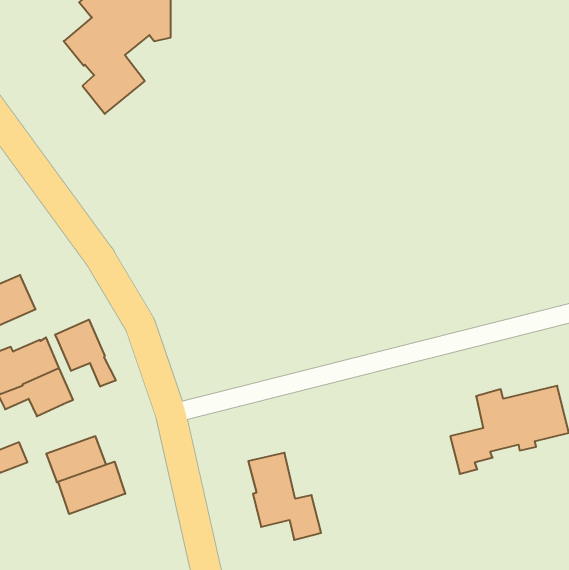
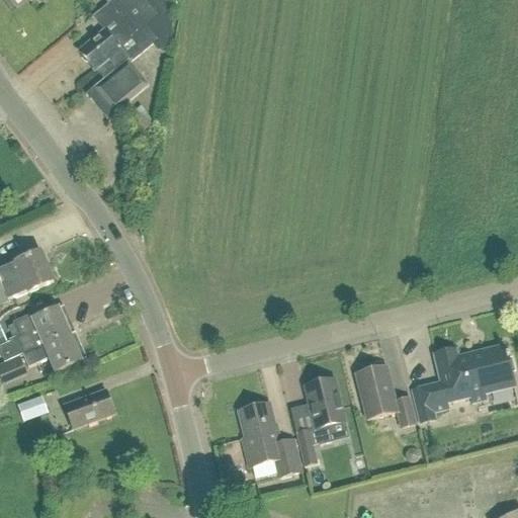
building: [55,320,116,387] -> none
building: none -> [355,364,414,425]
building: none -> [295,378,344,463]
building: [58,462,125,514] -> none

